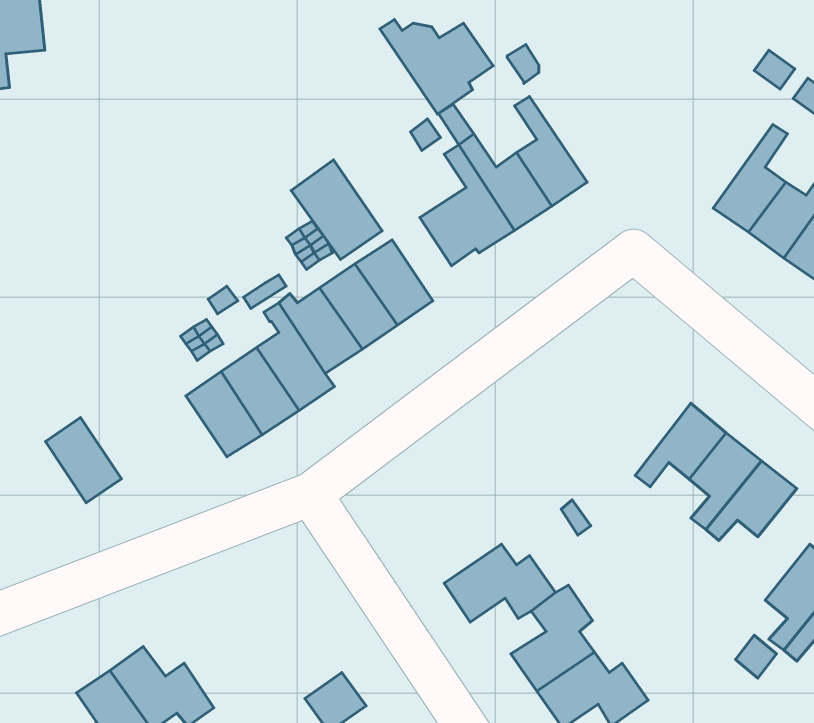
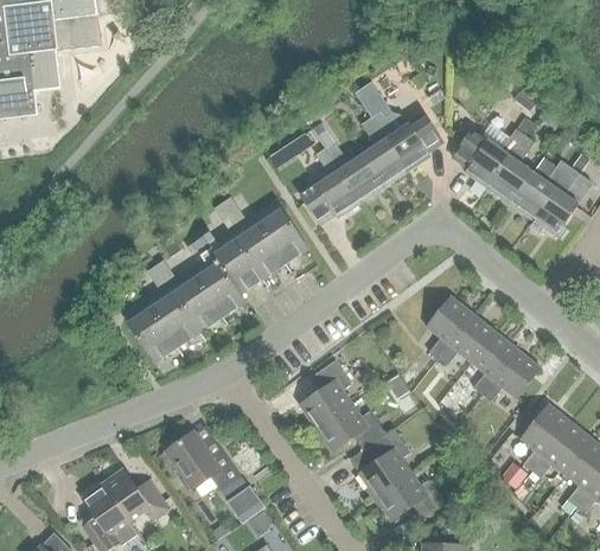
building: [380,19,493,114] -> [370,111,442,172]
building: none -> [452,128,525,188]
building: [291,160,382,260] -> none
building: none -> [427,295,473,359]
building: [45,417,122,503] -> [128,308,177,363]
building: none -> [299,360,352,428]
building: none -> [166,431,242,492]

